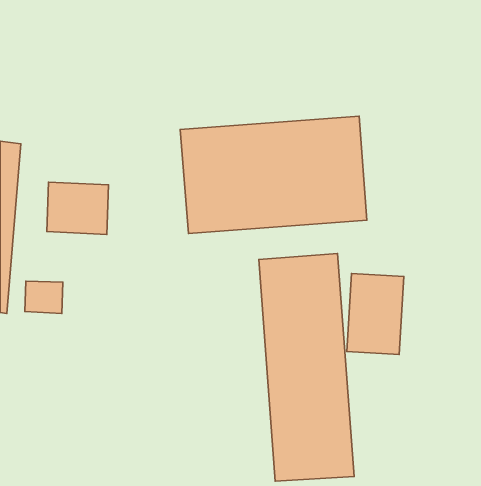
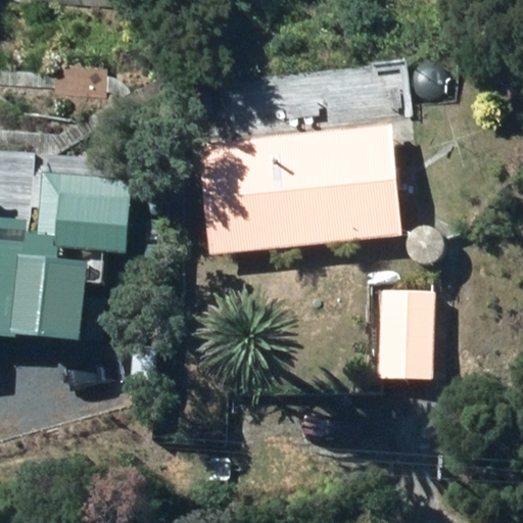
building: [259,253,354,481] -> none

